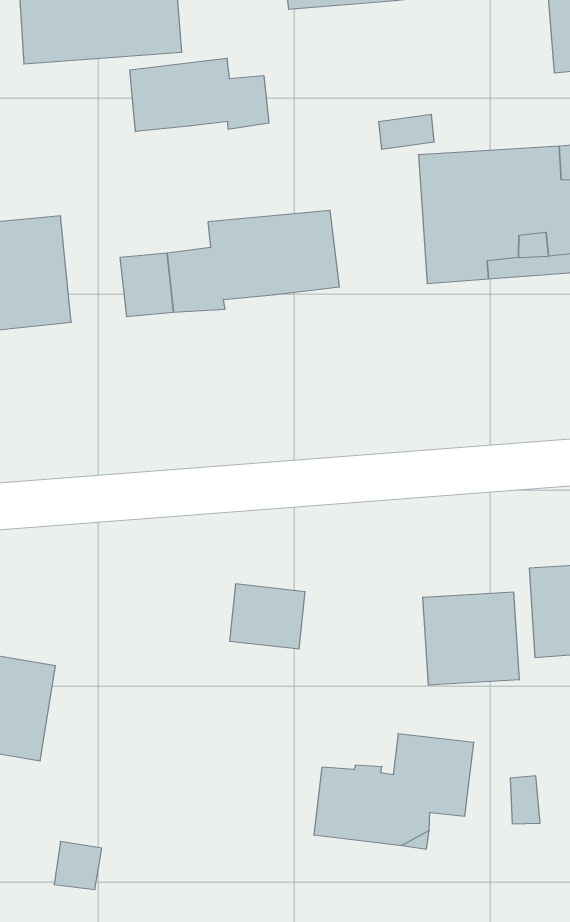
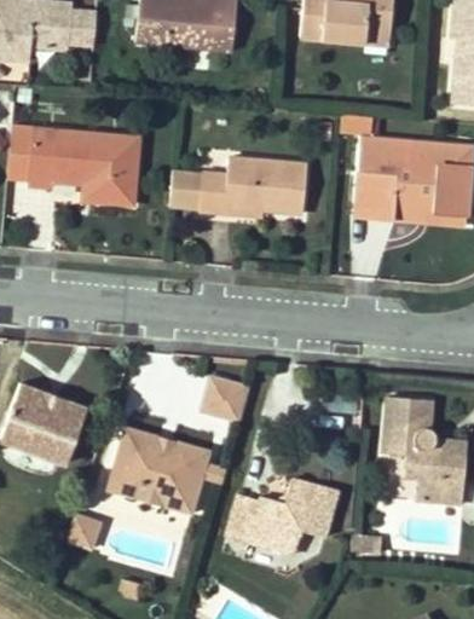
building: [130,58,269,132] -> none
building: [423,592,519,685] -> none
building: none -> [106,429,224,515]

